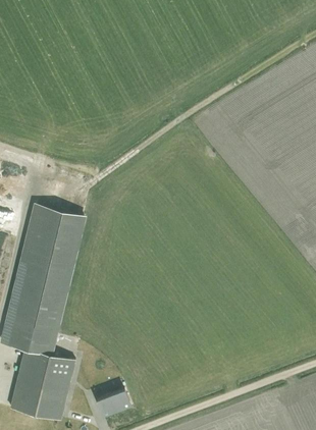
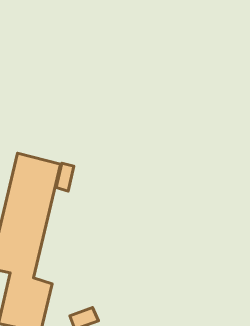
building: none -> [56,163,74,191]

